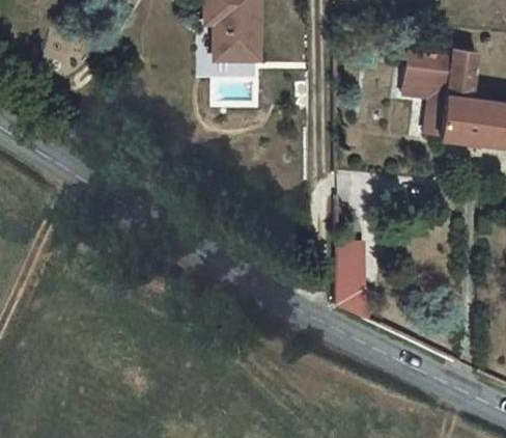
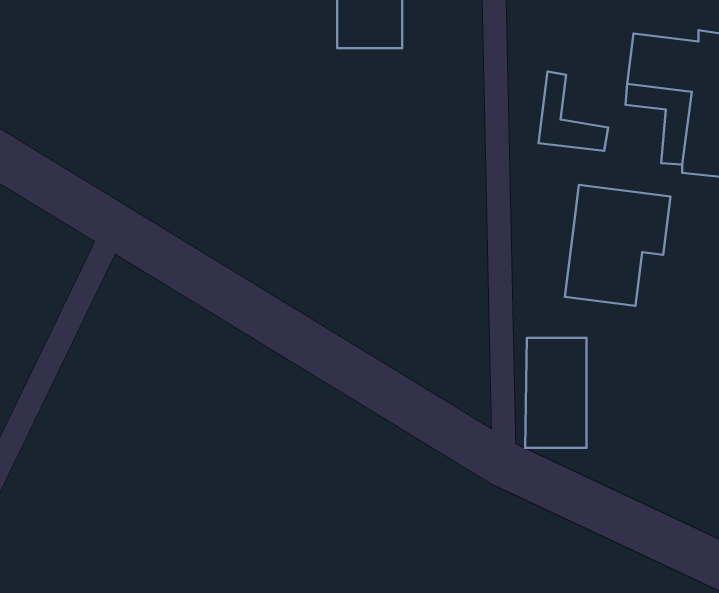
building: none -> [539,71,608,151]
building: none -> [565,185,670,306]

